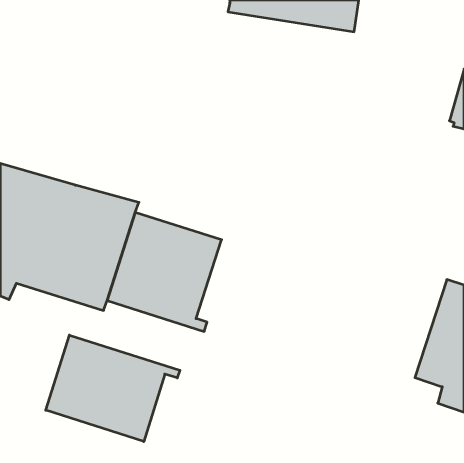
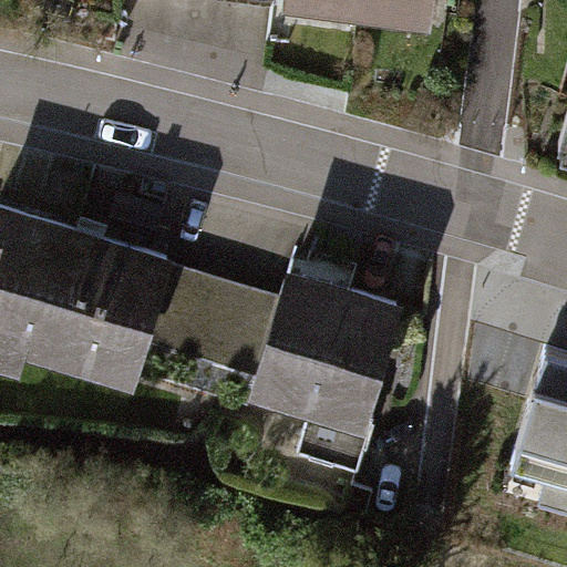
building: none -> [239,262,401,475]
building: [46,335,180,442] -> none

